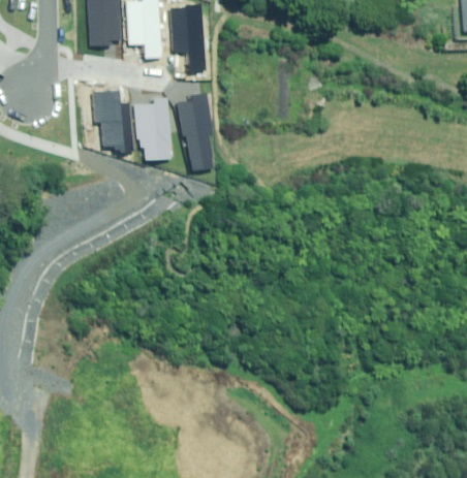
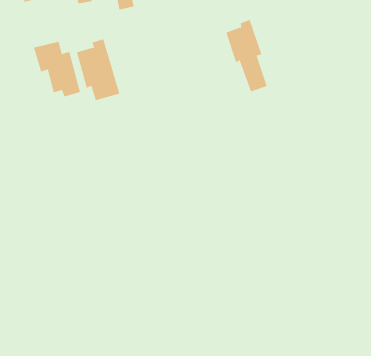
building: [178,94,212,169] -> [225,19,268,92]

